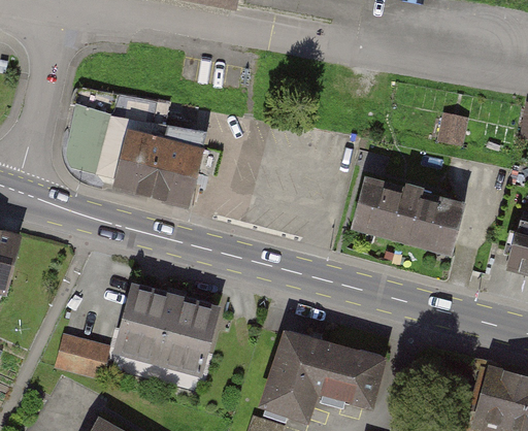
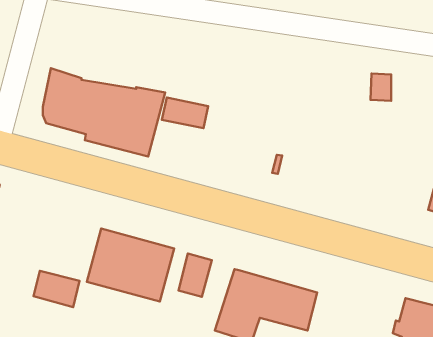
building: none -> [162,97,208,128]
building: [354,181,462,251] -> none
building: none -> [179,253,212,297]

